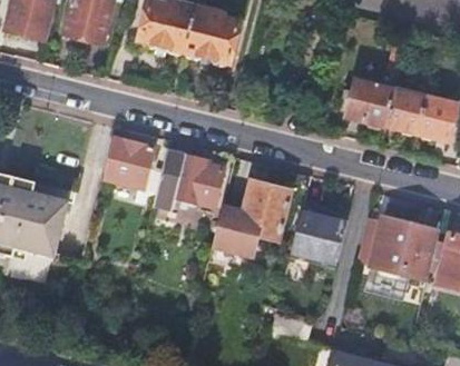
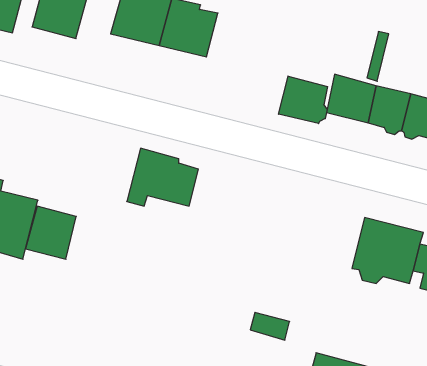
building: none -> [279,76,327,124]
building: [100,137,149,188] -> [26,206,76,259]
building: [209,181,288,258] -> none
building: [288,205,345,267] -> none

